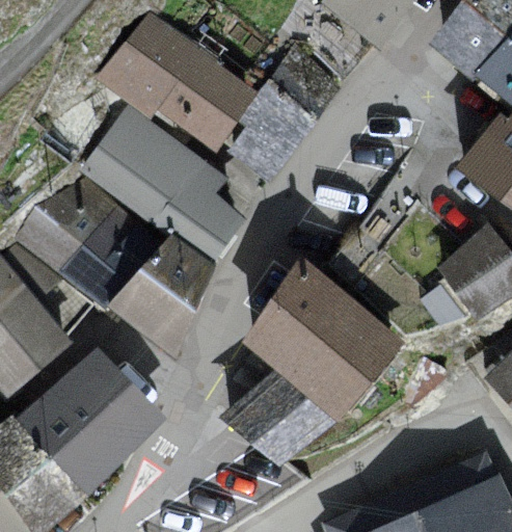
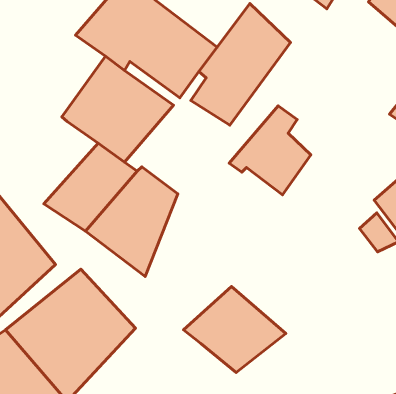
building: [151,159,244,261] -> [229,106,311,195]
building: [17,178,120,272] -> none
building: [242,260,402,421] -> none

